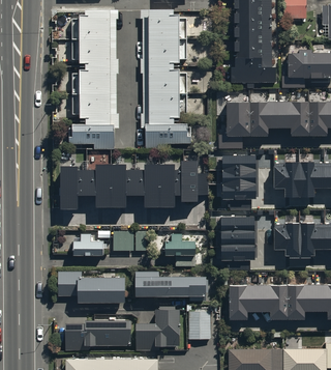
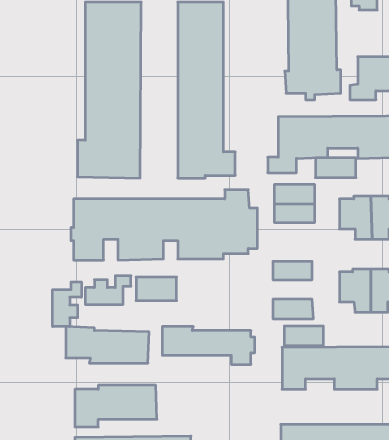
building: [223,187,255,202] -> [315,158,356,178]
building: [164,231,195,264] -> none
building: [222,232,253,248] -> [284,326,323,346]
building: none -> [53,282,81,327]
building: [134,305,180,348] -> none
building: [188,309,210,338] -> none

